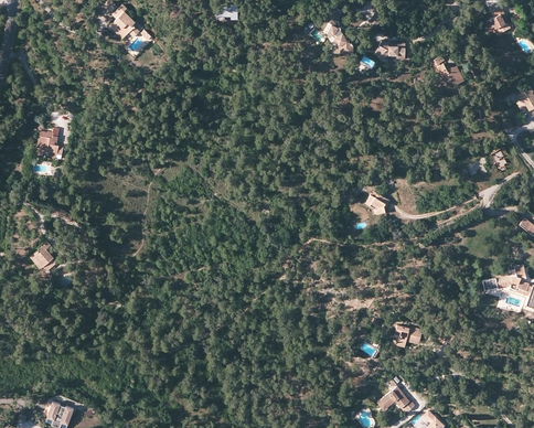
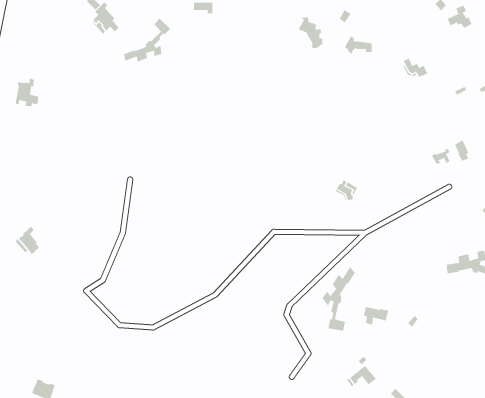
building: none -> [124,18,171,62]
building: [38,127,63,158] -> [15,78,39,107]
building: none -> [322,266,355,332]

